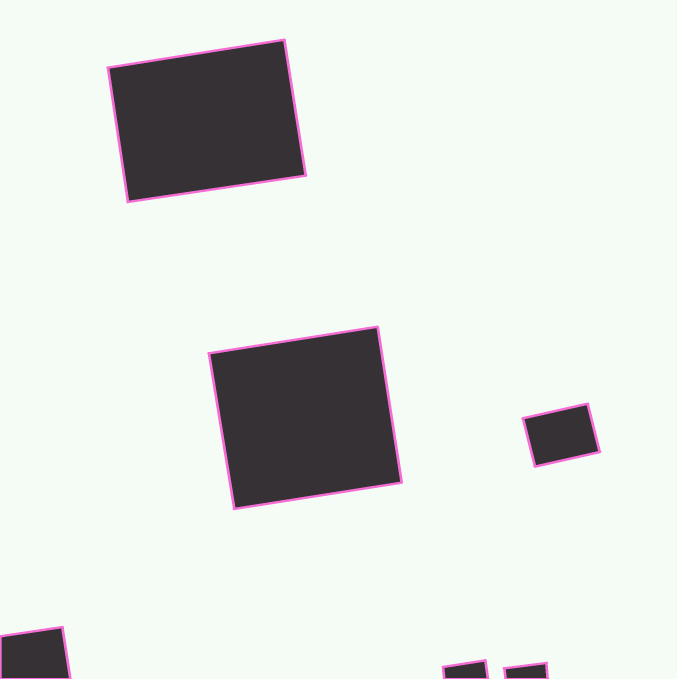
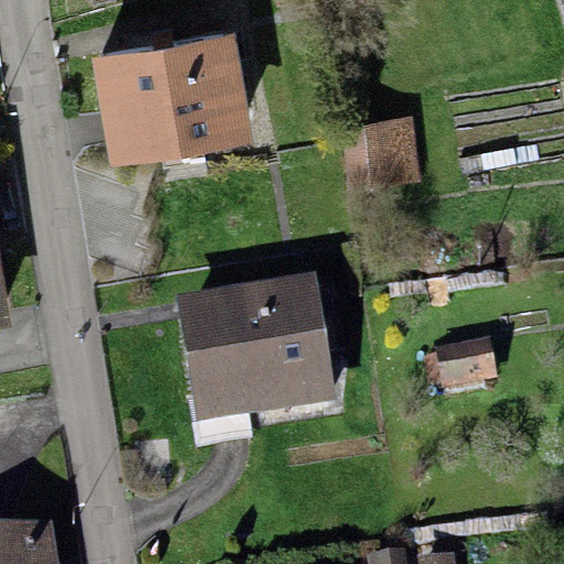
building: none -> [344,117,421,188]

